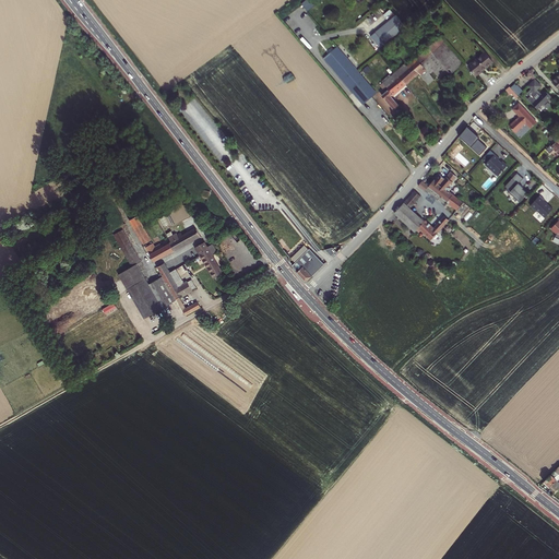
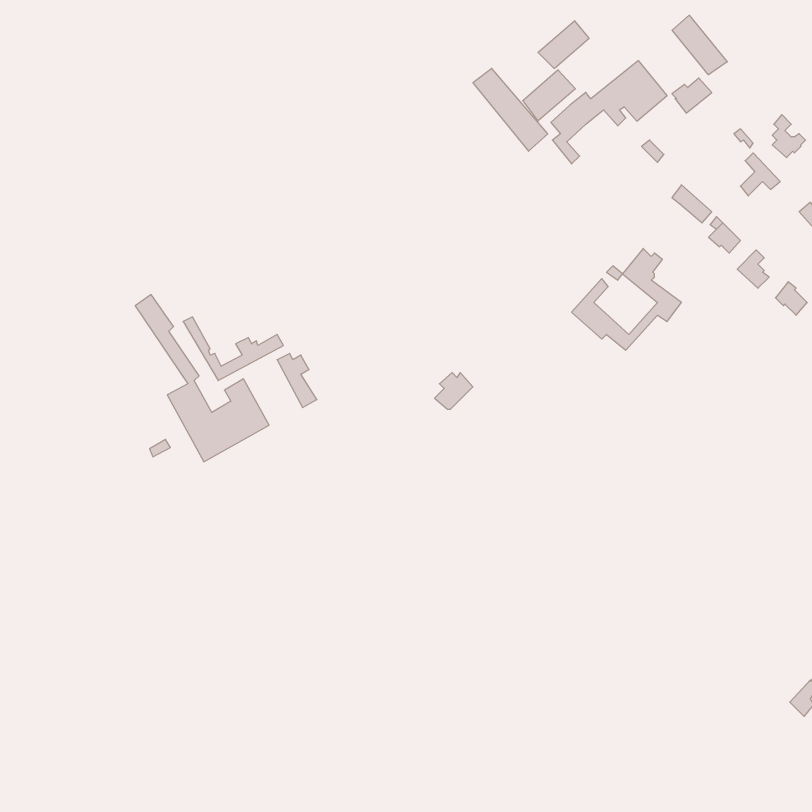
building: none -> [672,15,727,75]
building: none -> [523,70,575,121]

